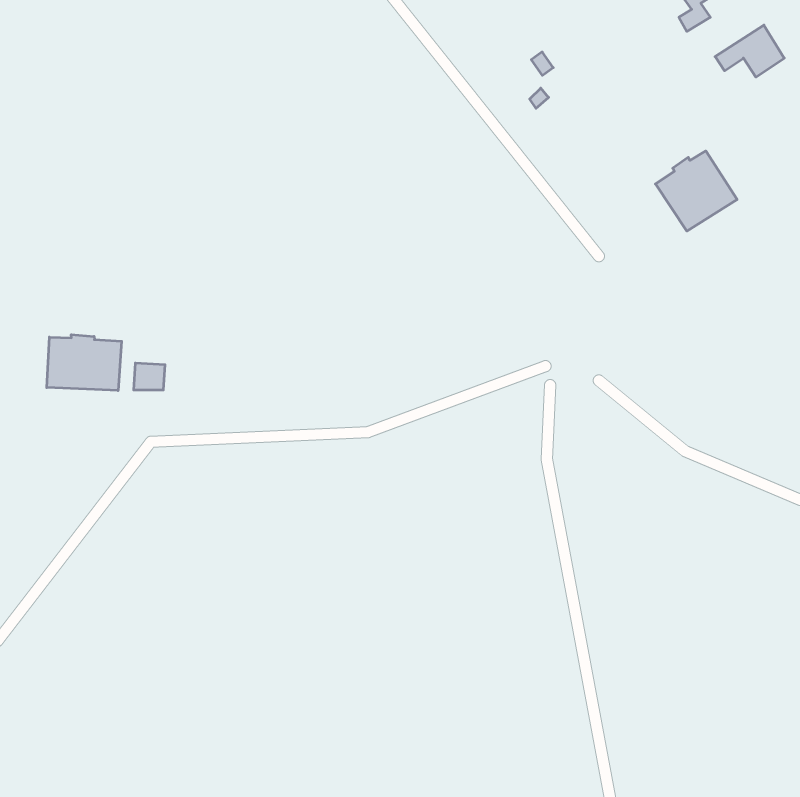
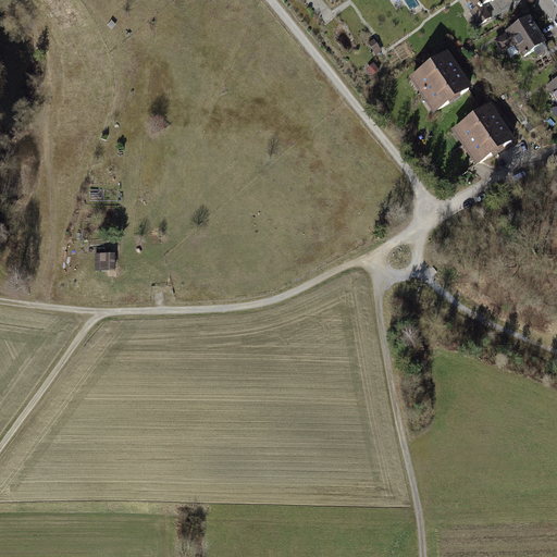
building: none -> [413,51,468,108]
building: [47,335,122,391] -> none

